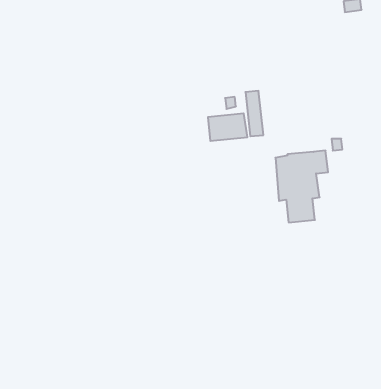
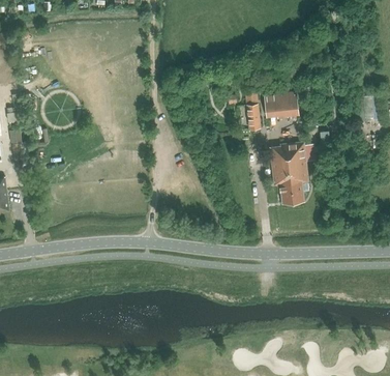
building: [208,113,247,141] -> [265,93,299,117]

